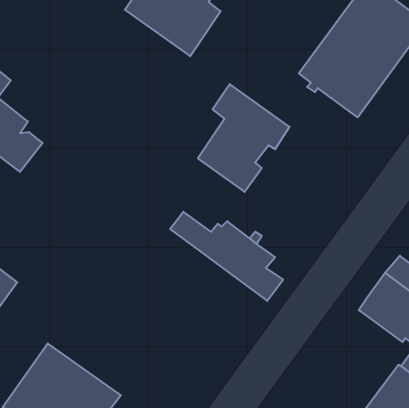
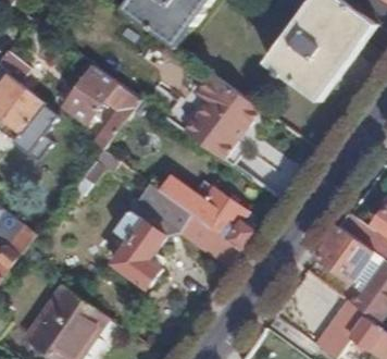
building: none -> [64,66,139,147]
building: none -> [113,182,240,284]

